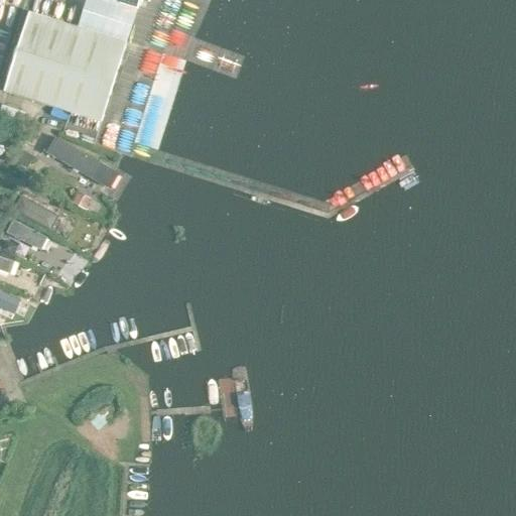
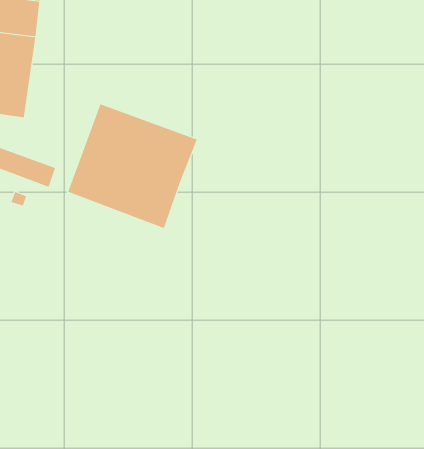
building: none -> [67,103,197,229]

